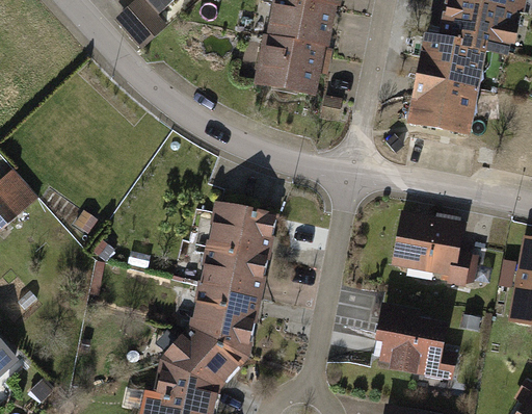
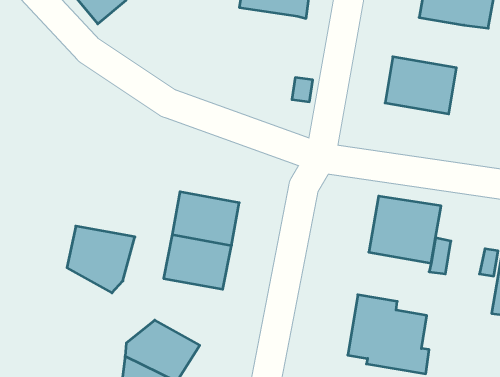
building: [258,31,326,87] -> none
building: [417,38,484,89] -> none
building: [191,289,256,353] -> [67,226,135,293]

